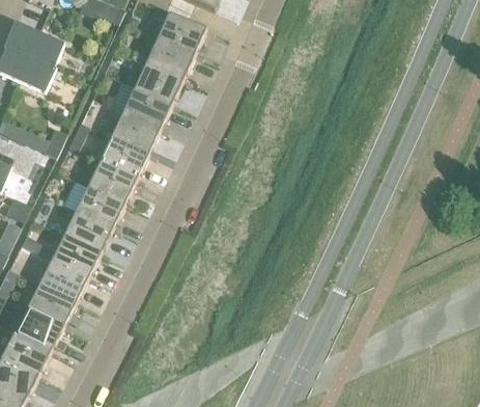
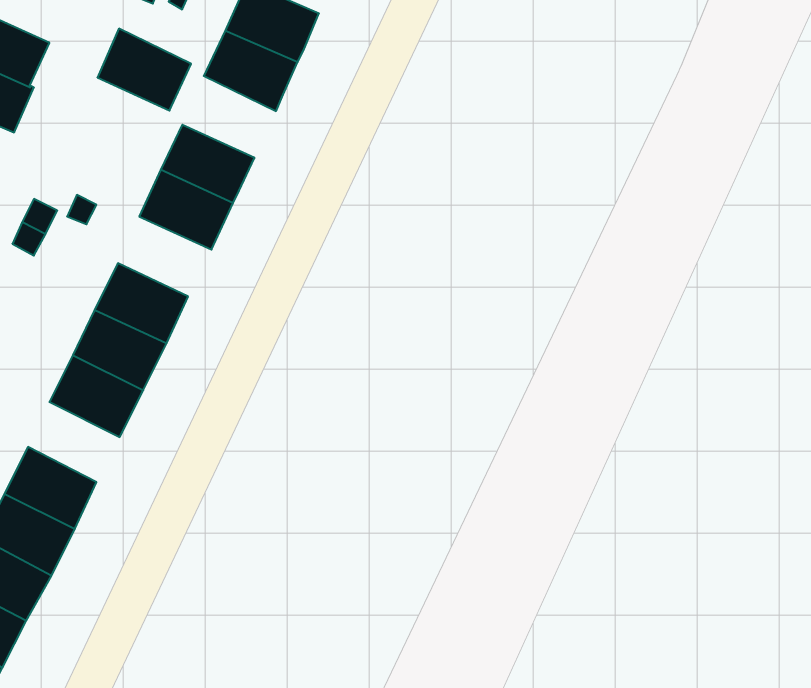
building: [134,61,183,105] -> [97,29,191,111]
building: [100,136,149,179] -> none
building: [52,235,101,277] -> none

